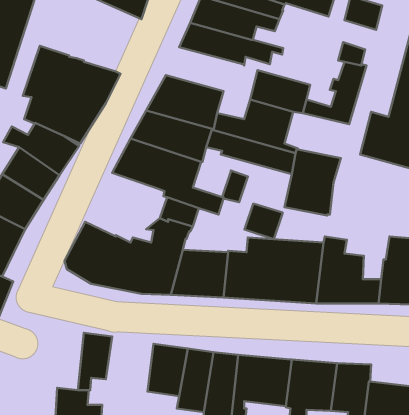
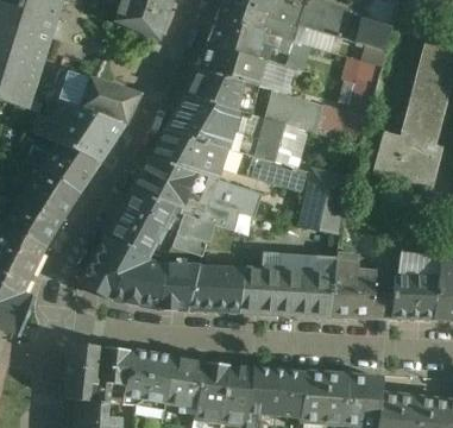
building: none -> [183,68,258,113]
building: none -> [105,190,176,258]
building: [244,204,282,239] -> [209,180,246,214]
building: none -> [62,342,103,402]
building: none -> [122,350,171,404]

